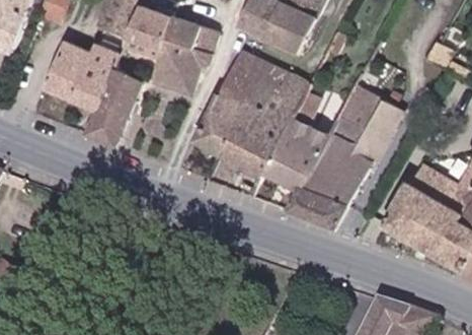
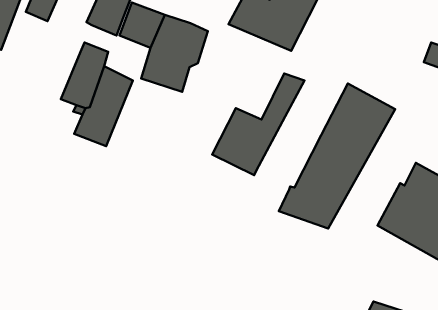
building: [44,42,90,99] -> none
building: [192,51,291,154] -> none
building: [263,117,327,189] -> none

